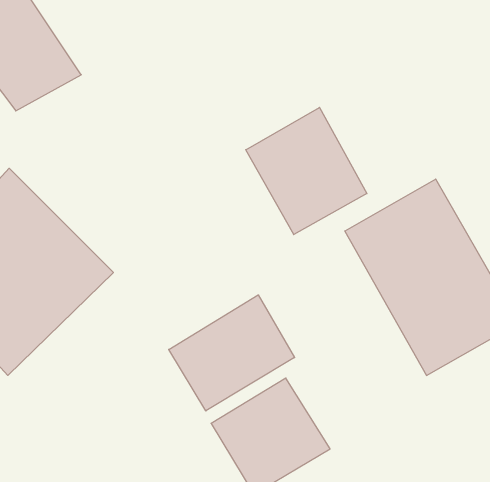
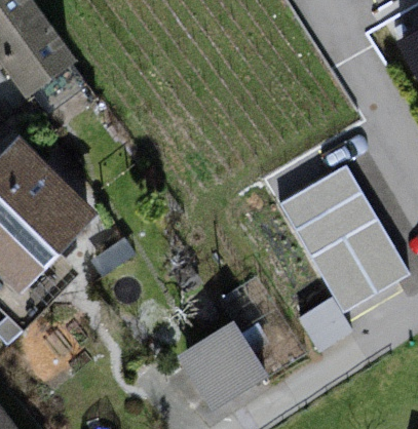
building: [246,107,367,235] -> none
building: [169,295,295,411] -> none

